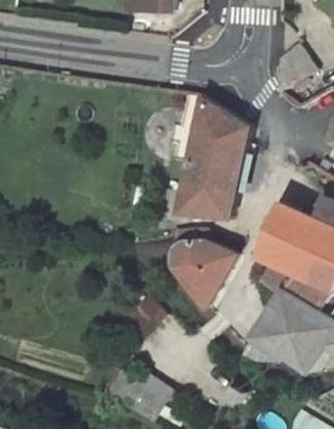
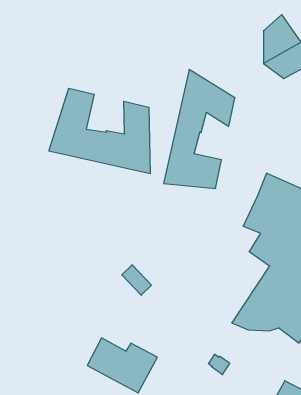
building: none -> [49,88,150,174]
building: [206,141,241,189] -> none
building: [170,241,234,309] -> none

